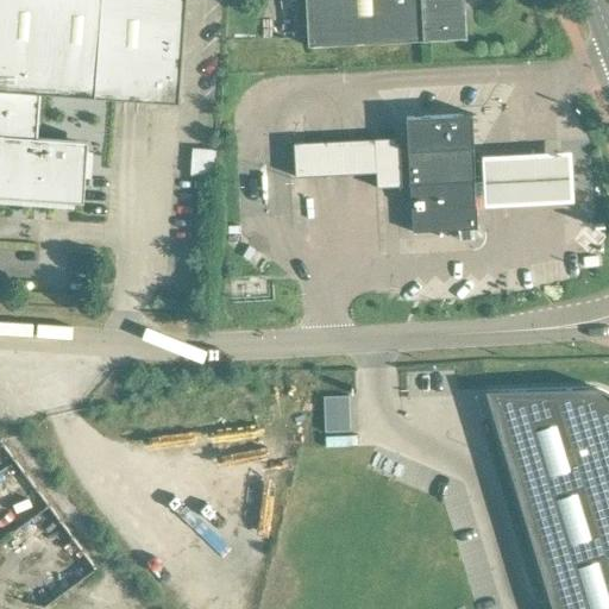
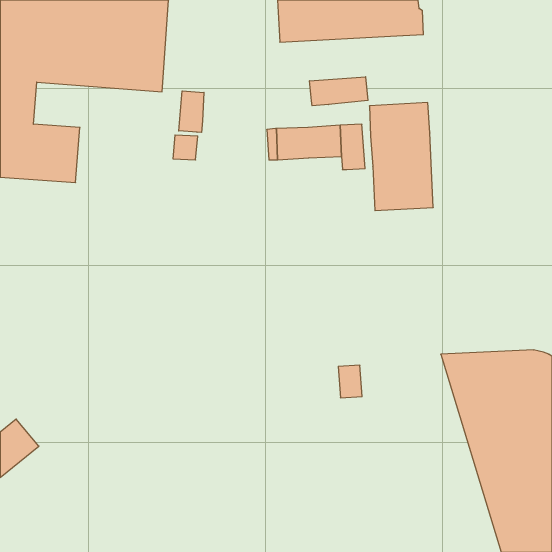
building: none -> [310,77,368,106]
building: none -> [179,91,204,132]
building: [483,152,571,202] -> none
building: [325,395,351,431] -> [338,365,362,398]

